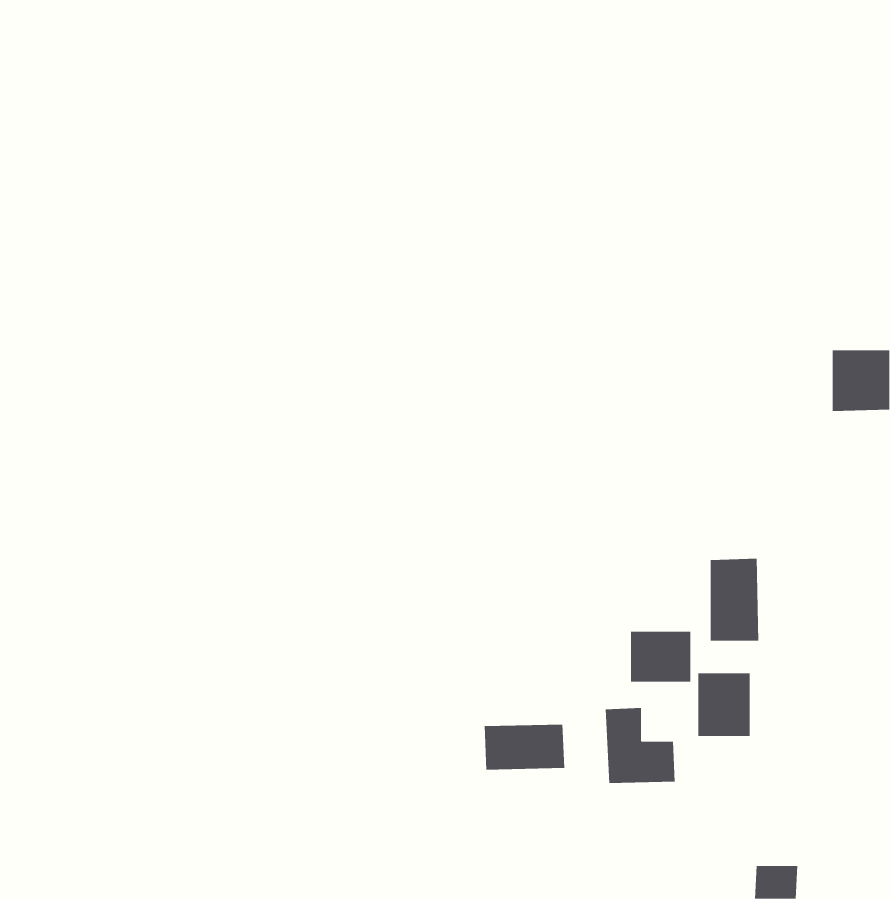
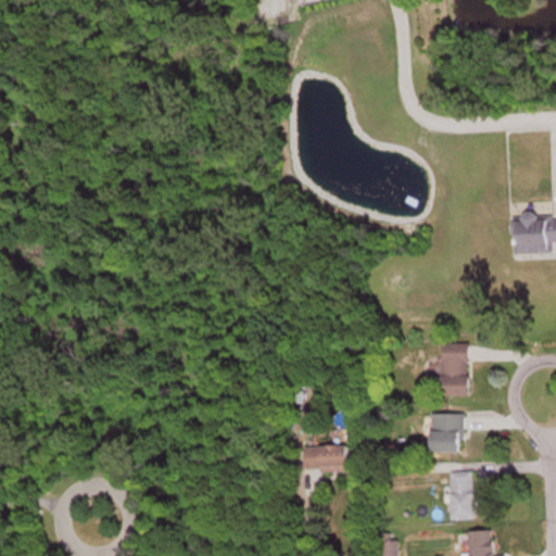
building: [630,631,691,683] -> none
building: [605,708,675,783] -> [447,472,491,519]

